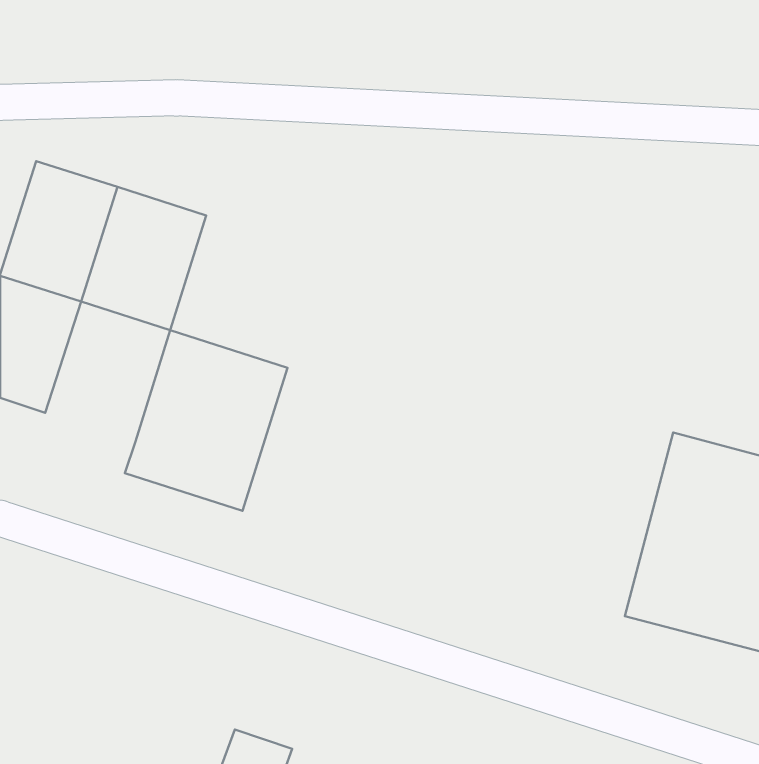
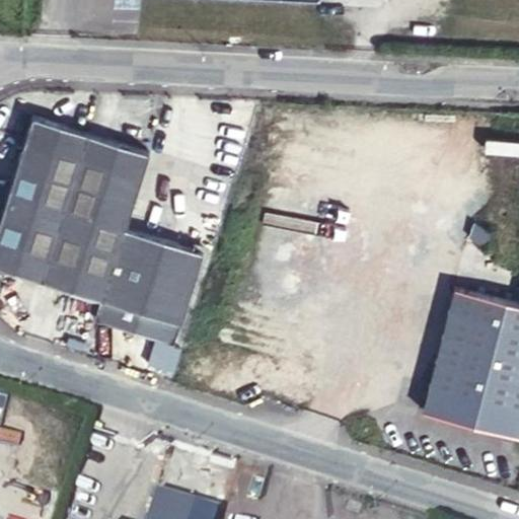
building: none -> [38,207,122,301]

